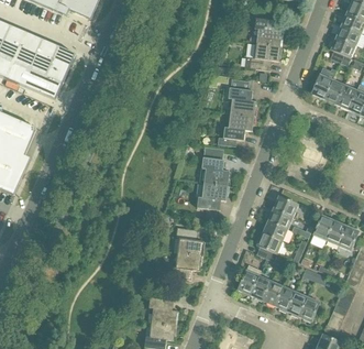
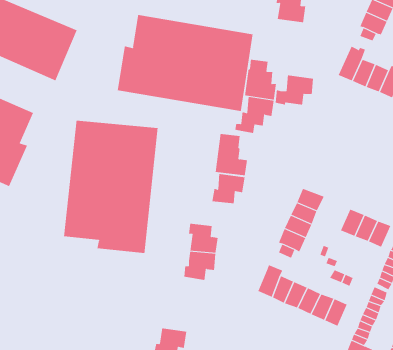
building: none -> [117,14,253,112]
building: [244,42,279,69] -> [275,75,314,105]
building: none -> [63,120,158,254]
building: [146,296,176,325] -> none

